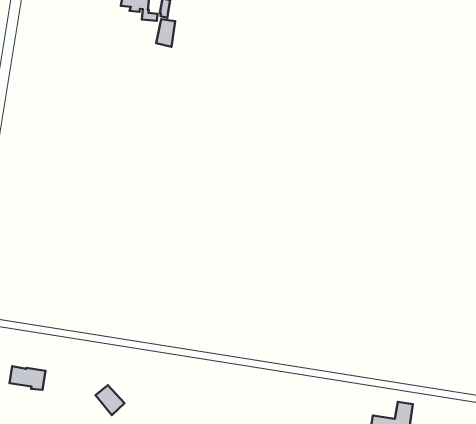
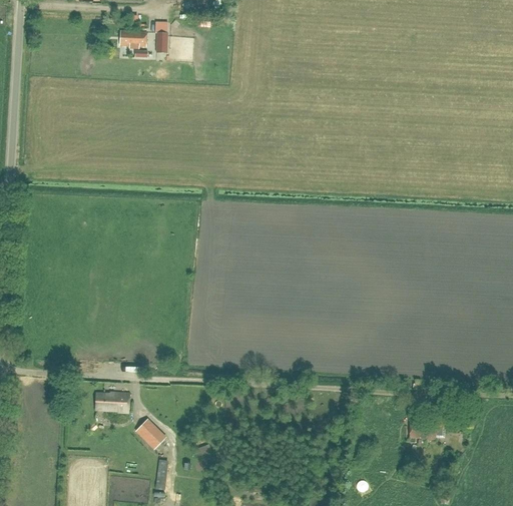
building: [156,19,175,47] -> none
building: [9,366,45,390] -> [94,392,128,412]

